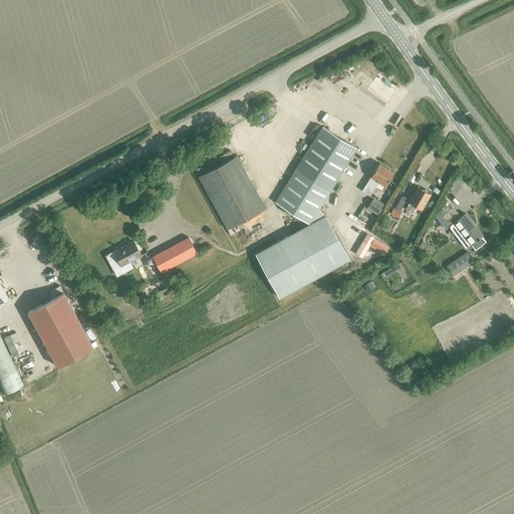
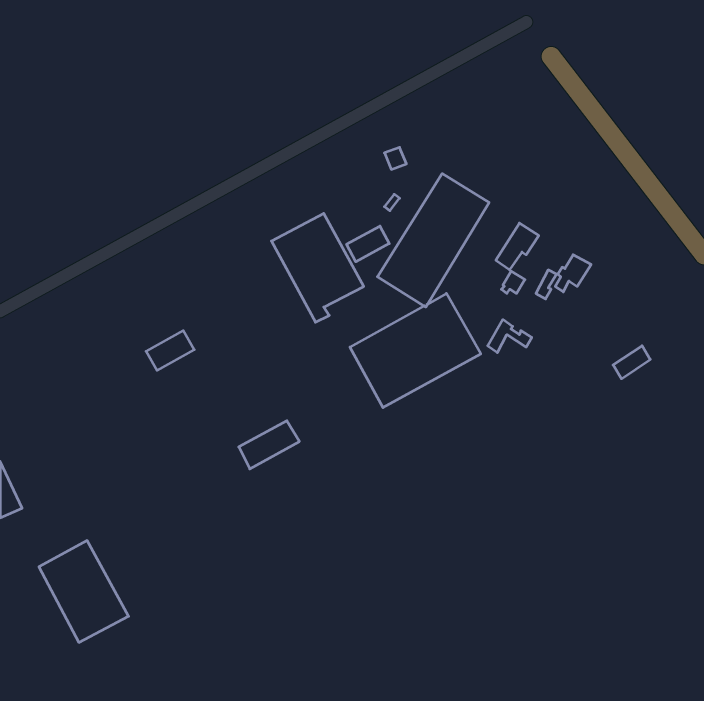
building: none -> [347,226,389,262]
building: [442,210,486,251] -> none
building: [153,239,197,274] -> [239,421,299,469]
building: [28,294,93,368] -> [39,541,129,642]

